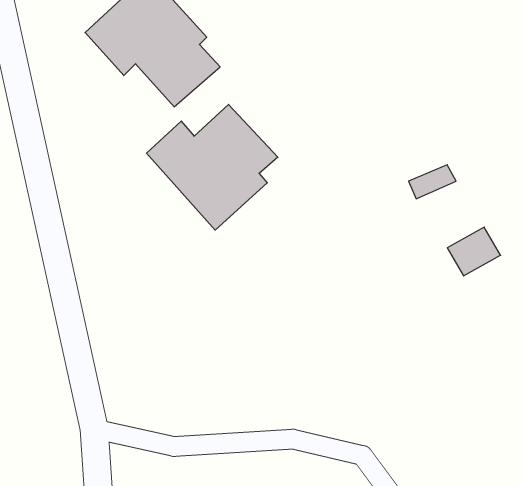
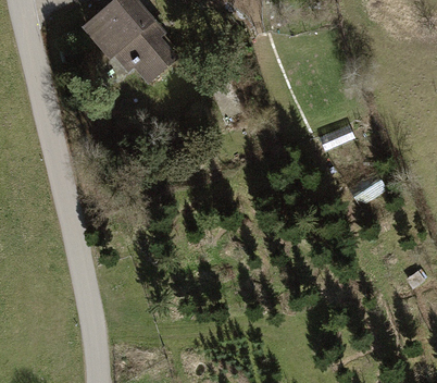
building: [147,104,278,230] -> none

